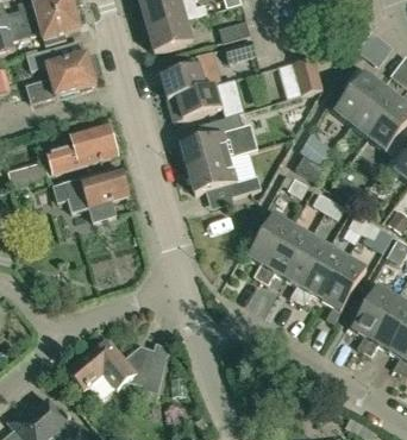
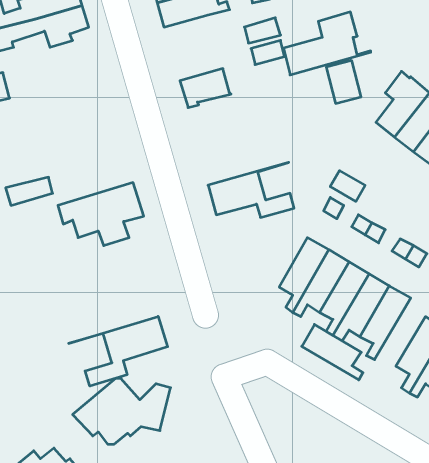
building: [148,17,193,52] -> none
building: [26,46,96,102] -> none
building: [169,83,223,120] -> none
building: [181,112,258,168] -> [283,12,371,75]
building: [48,122,117,171] -> none
building: none -> [69,316,168,386]
building: none -> [302,324,363,380]

